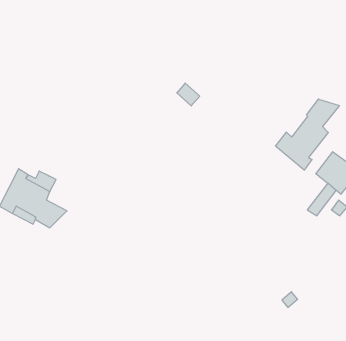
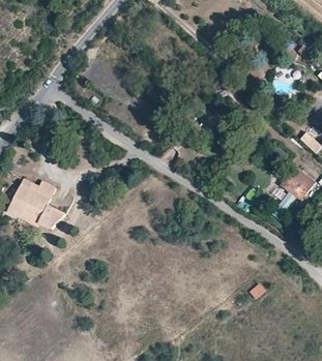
building: [276,99,339,170] -> none

